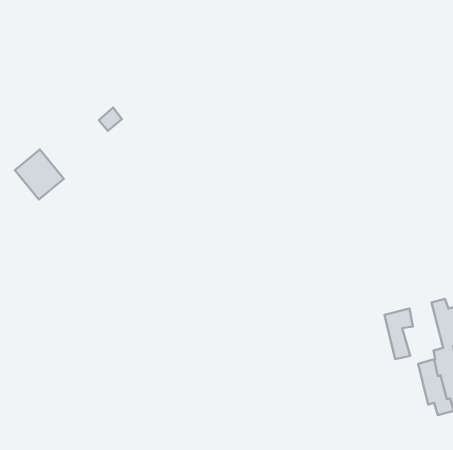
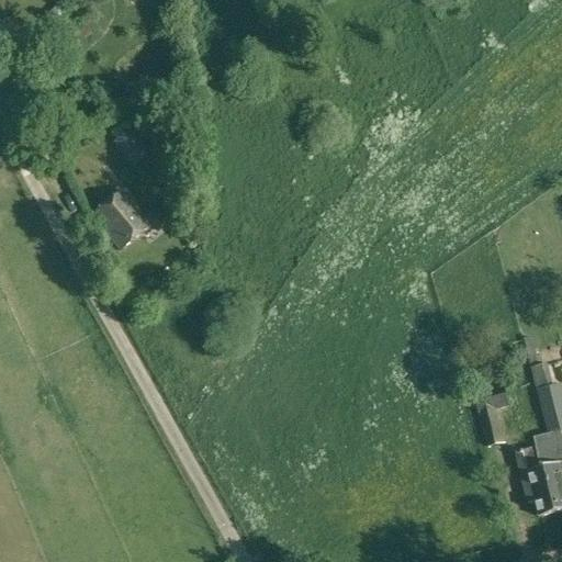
building: [15,150,64,199] -> [92,186,153,247]

